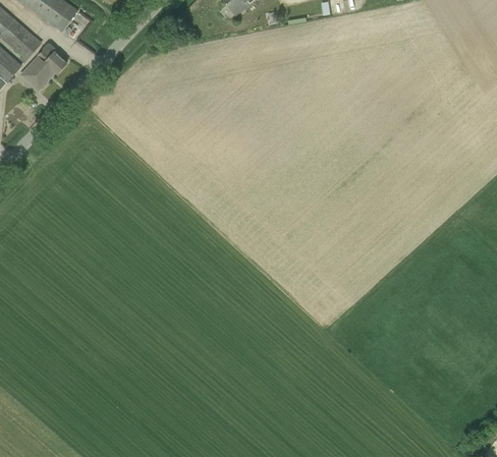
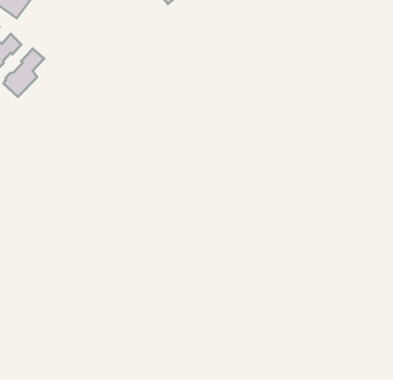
building: none -> [4,49,44,97]

